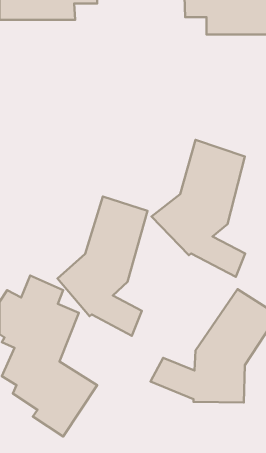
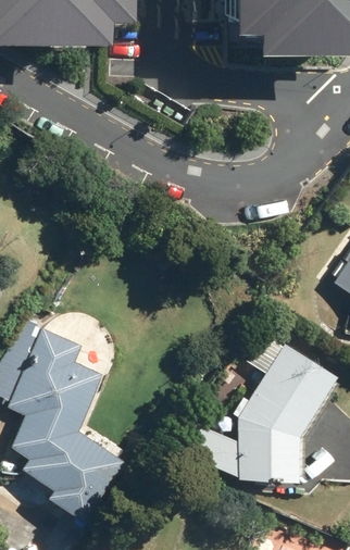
building: [152,140,245,277] -> none
building: [57,197,148,336] -> none

